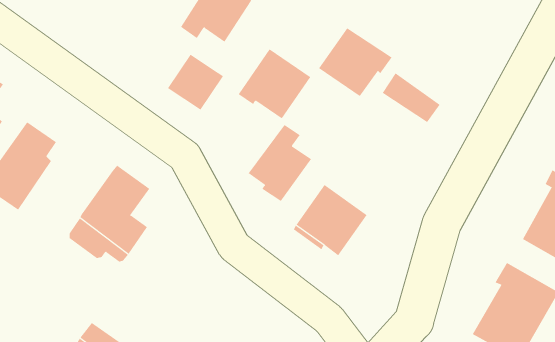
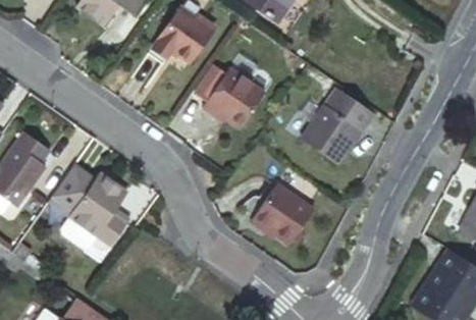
building: [318,27,393,97] -> [301,105,364,164]
building: [167,54,224,111] -> none
building: [248,124,312,202] -> none
building: none -> [50,156,96,207]

